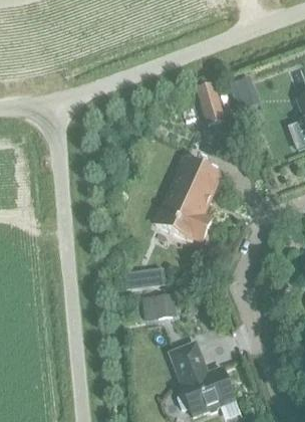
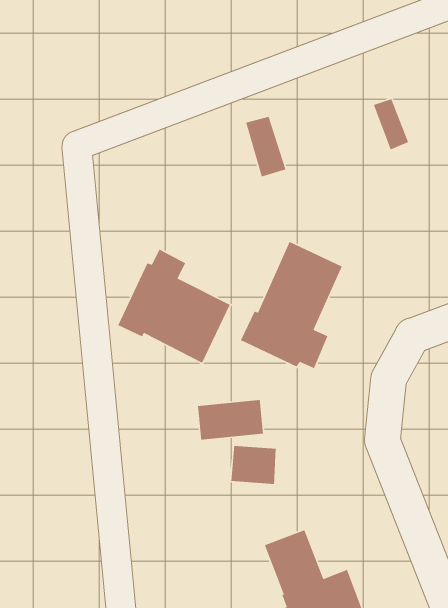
building: [199,84,225,124] -> [245,116,286,178]
building: none -> [117,248,231,364]

